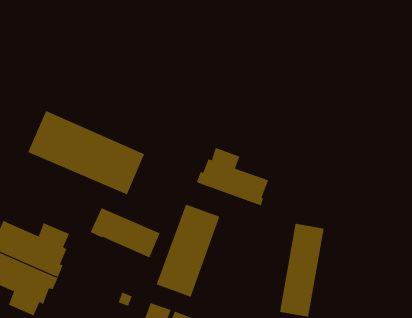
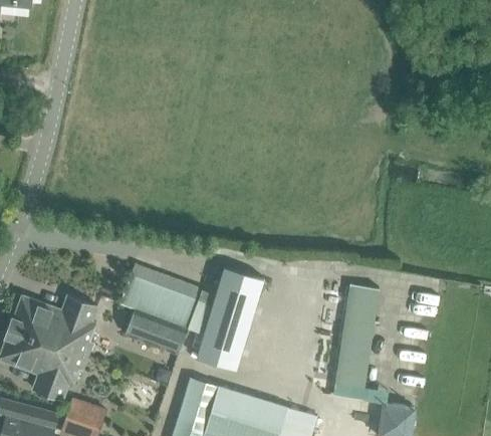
building: [27,110,145,195] -> none
building: [196,147,269,206] -> none
building: none -> [125,308,188,355]

